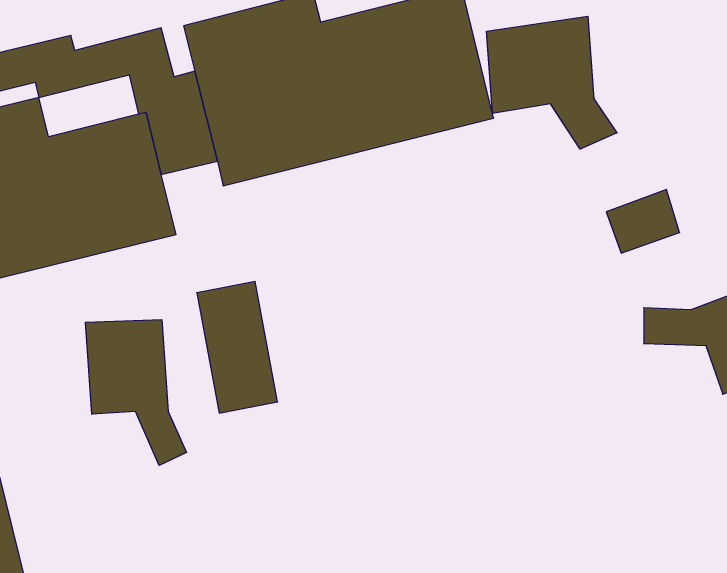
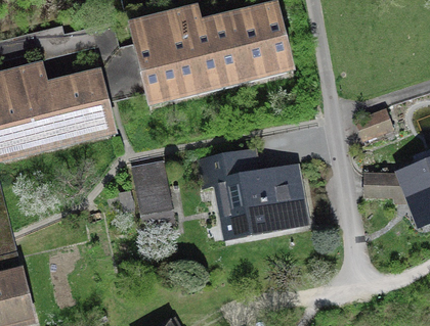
building: [487,16,617,149] -> none
building: none -> [211,157,305,236]
building: [85,320,187,465] -> none

